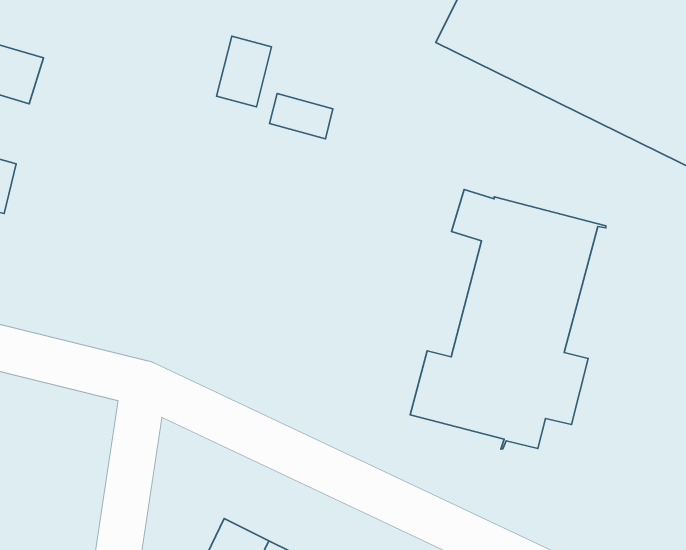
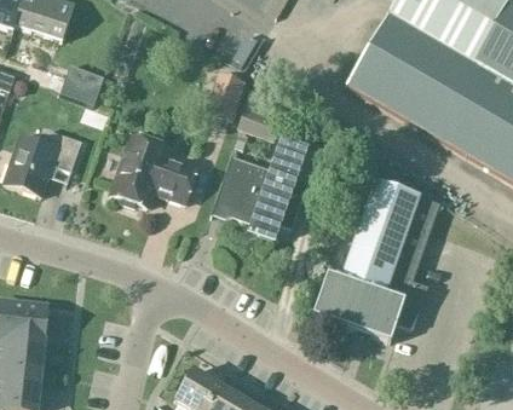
building: none -> [211,143,309,243]
building: none -> [113,133,197,206]

